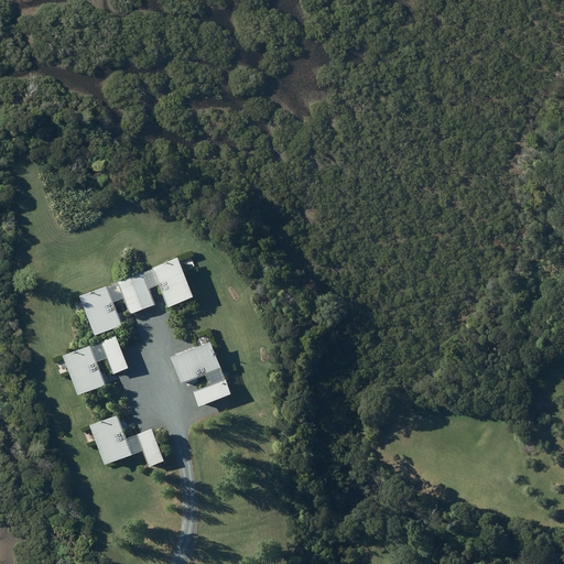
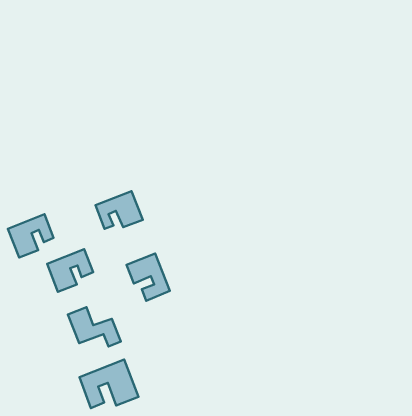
building: [79,276,141,335] -> [8,214,54,258]
building: none -> [79,359,138,408]

